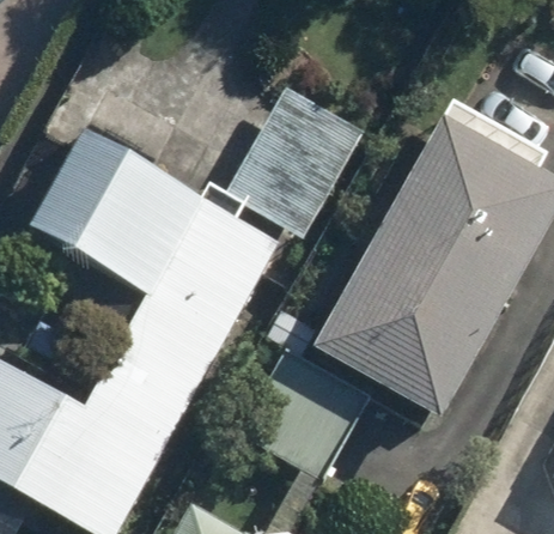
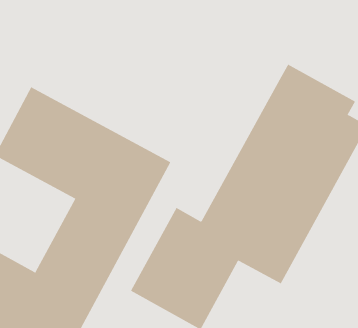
building: [225,99,363,239] -> none

